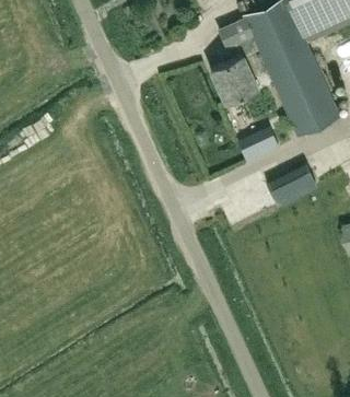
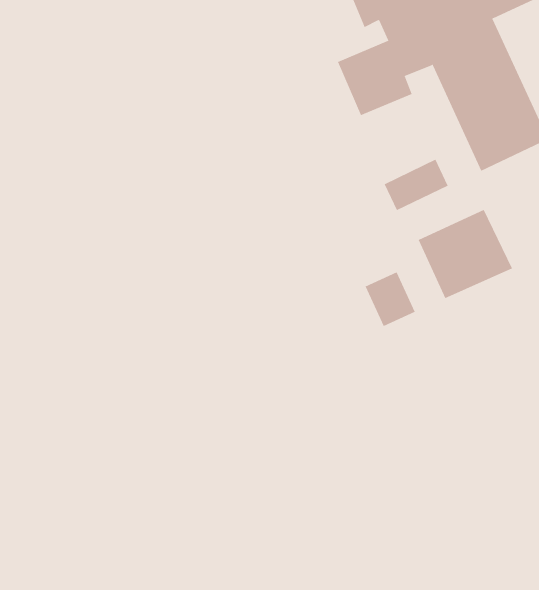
building: none -> [365,271,415,327]

